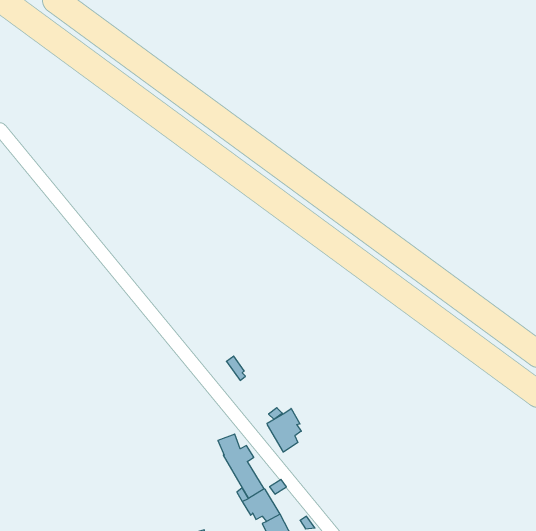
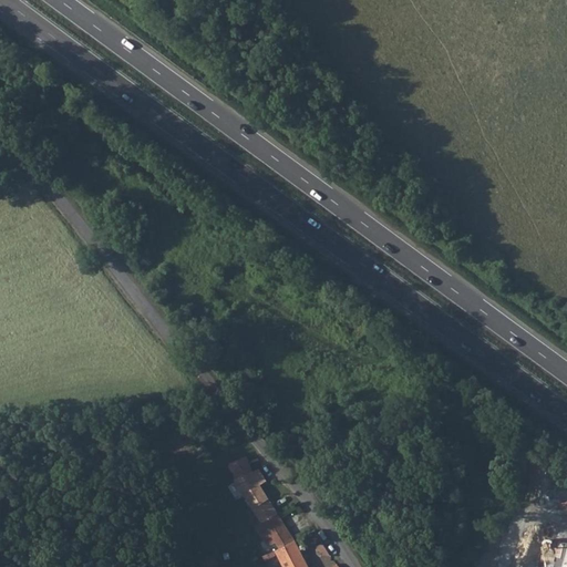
building: [267,408,301,452] -> none

